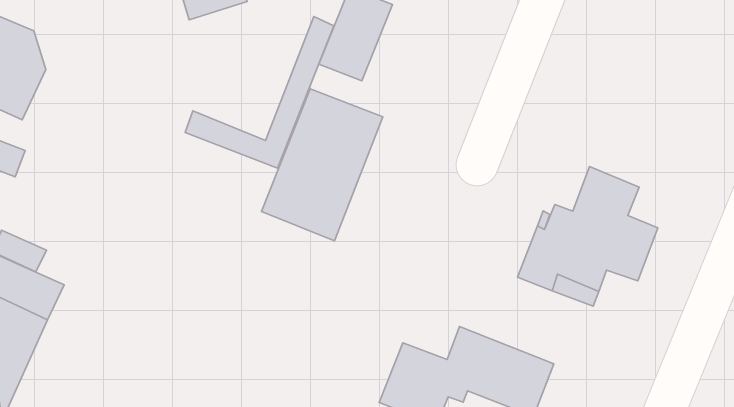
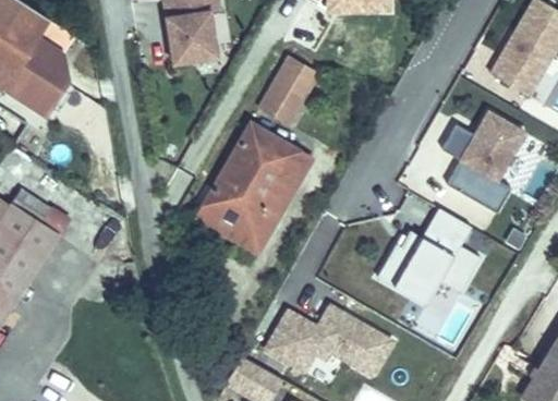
building: [185,16,334,168] -> [196,149,312,252]
building: none -> [441,110,524,211]

